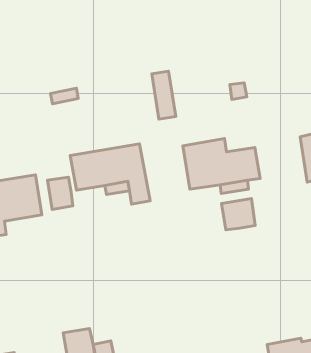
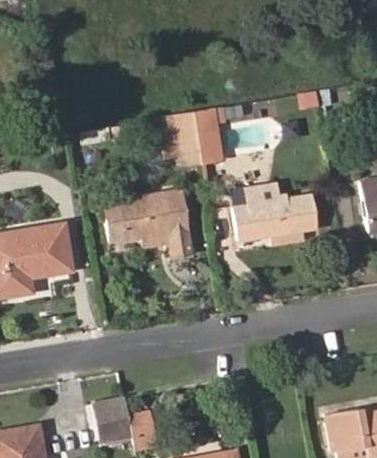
building: none -> [161,111,203,165]
building: [48,177,73,209] -> none
building: [221,199,255,230] -> none

